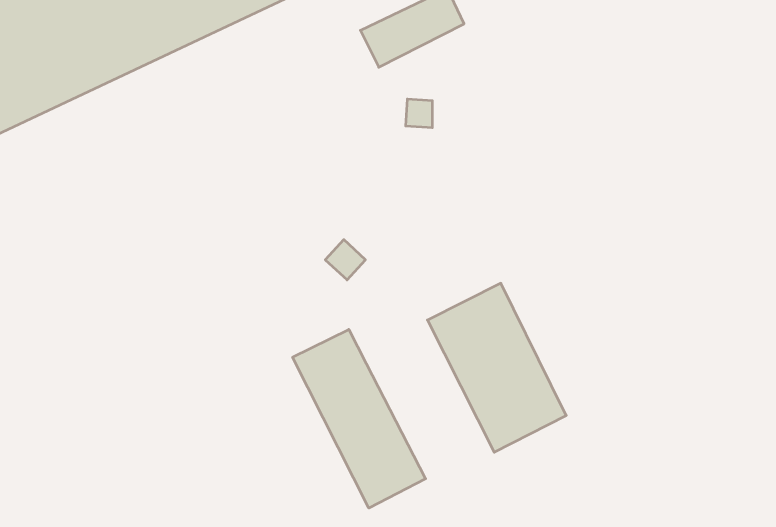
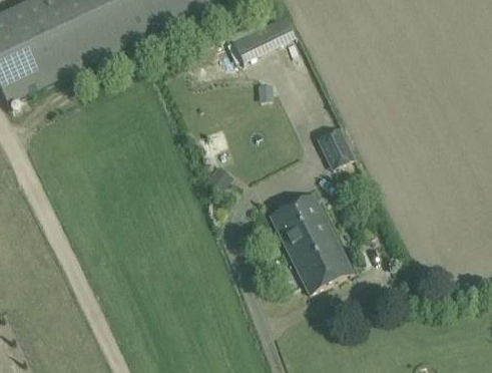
building: none -> [315,124,354,167]
building: [293,329,426,508] -> none

